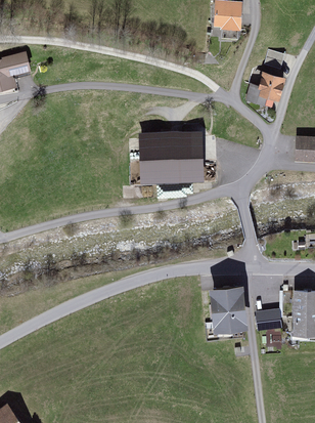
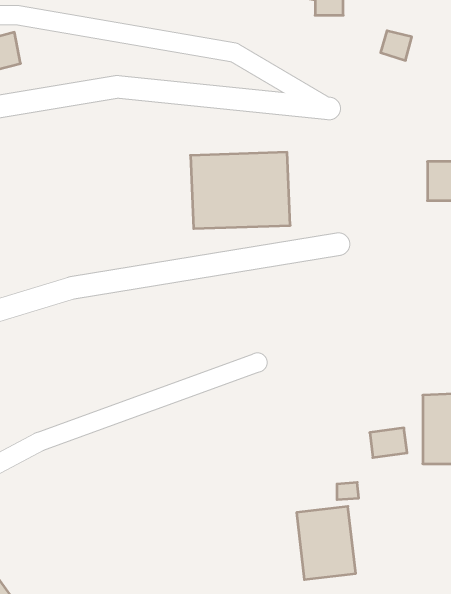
building: [246,72,286,108] -> none
building: [208,283,246,331] -> [297,506,356,580]

